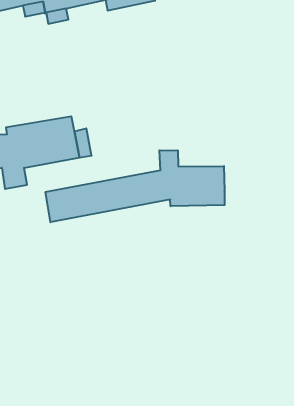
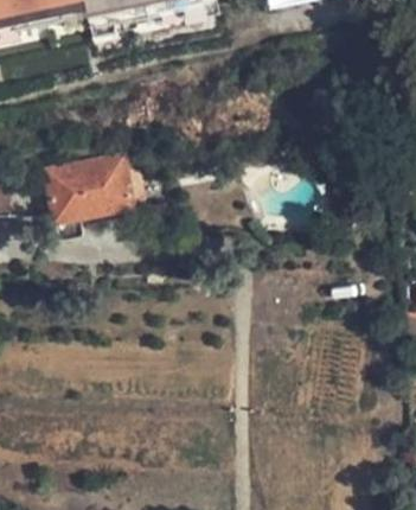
building: [46,150,225,222] -> none

